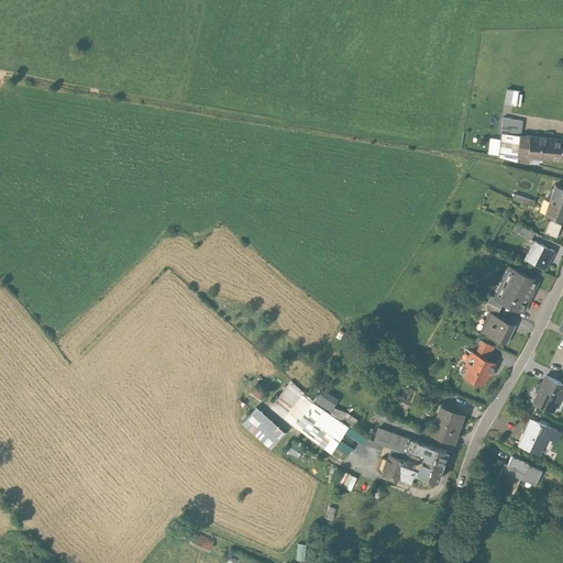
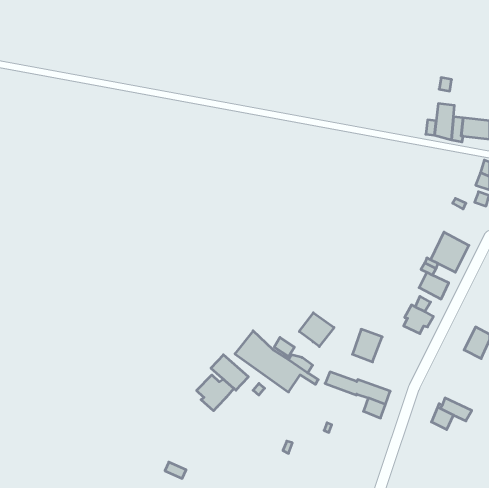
building: [526,243,554,271] -> none
building: none -> [299,313,334,347]
building: [431,406,465,443] -> [352,329,382,362]
building: [519,420,558,454] -> none
building: none -> [197,375,234,411]
building: [385,454,421,481] -> none

